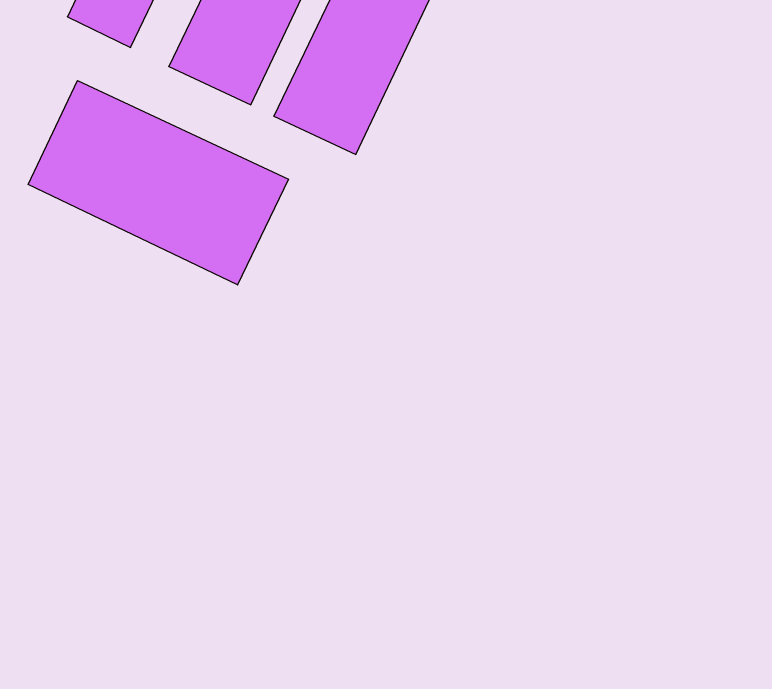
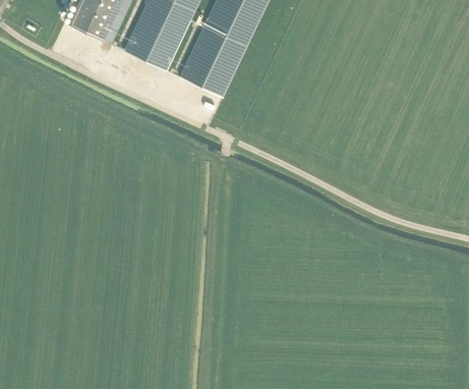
building: [28,81,289,285] -> none

